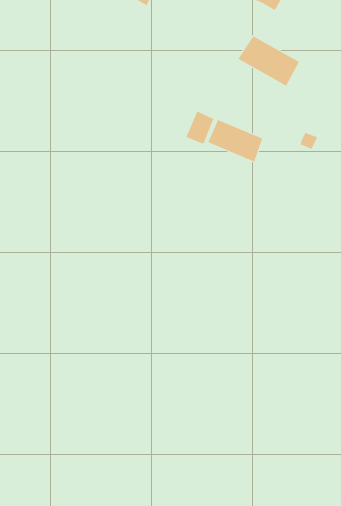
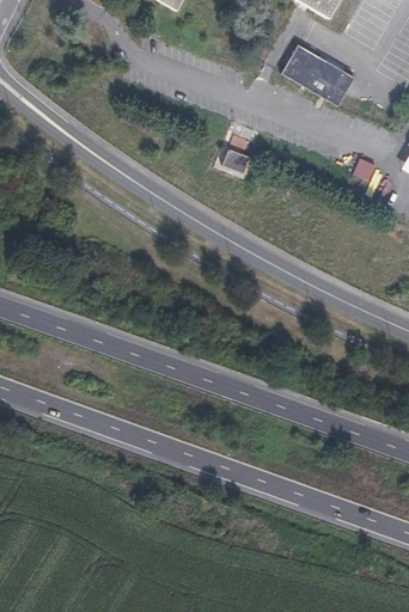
building: [207,119,263,162] -> none

